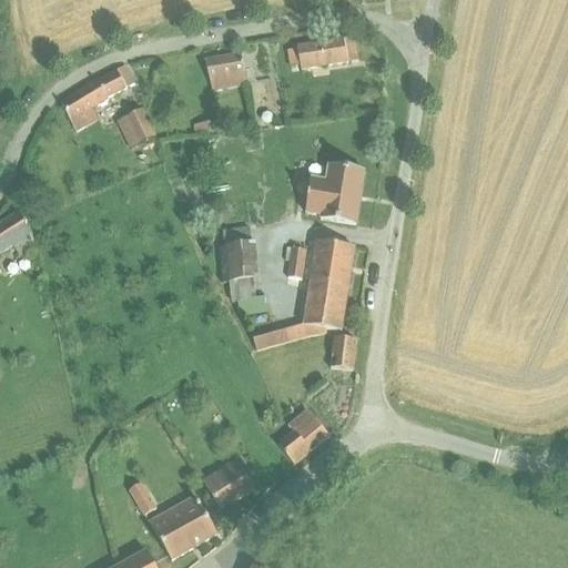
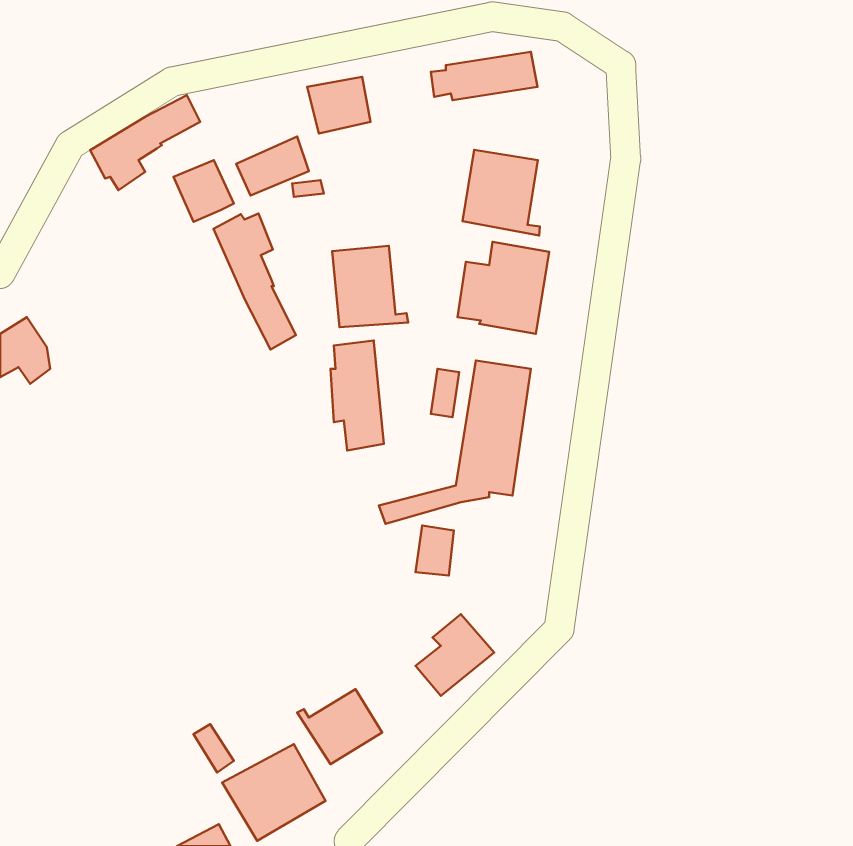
building: none -> [236,137,309,195]
building: none -> [462,150,540,235]
building: none -> [214,213,296,350]
building: none -> [332,246,408,327]
building: [329,335,355,368] -> [415,525,454,576]

